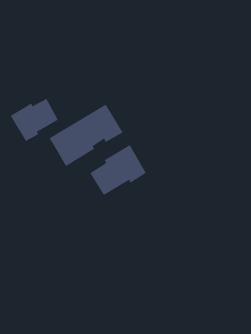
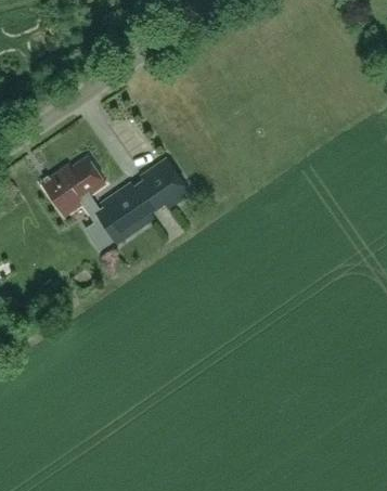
building: [89,144,147,196] -> none

